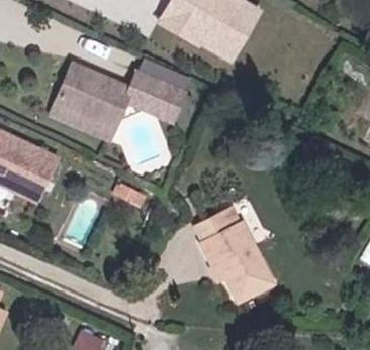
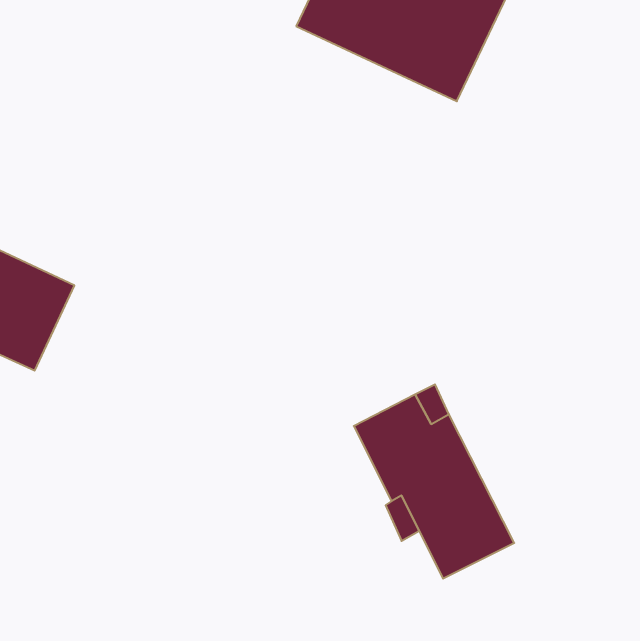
building: [52,64,184,138] -> none

